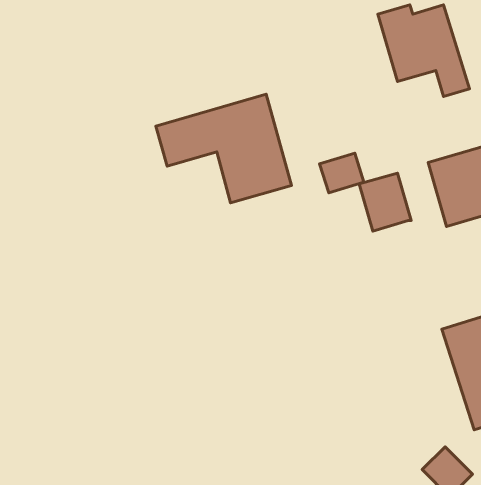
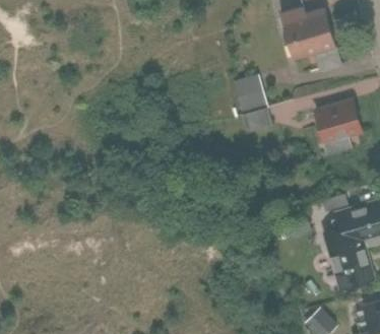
building: [156,94,292,203] -> none
building: [359,173,411,231] -> [232,73,266,112]

